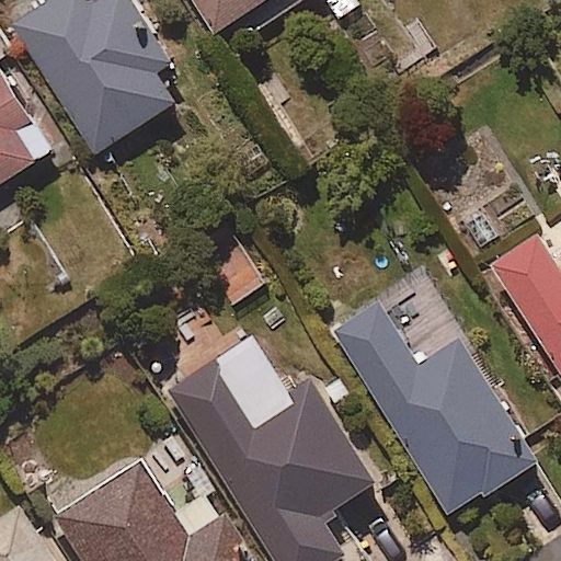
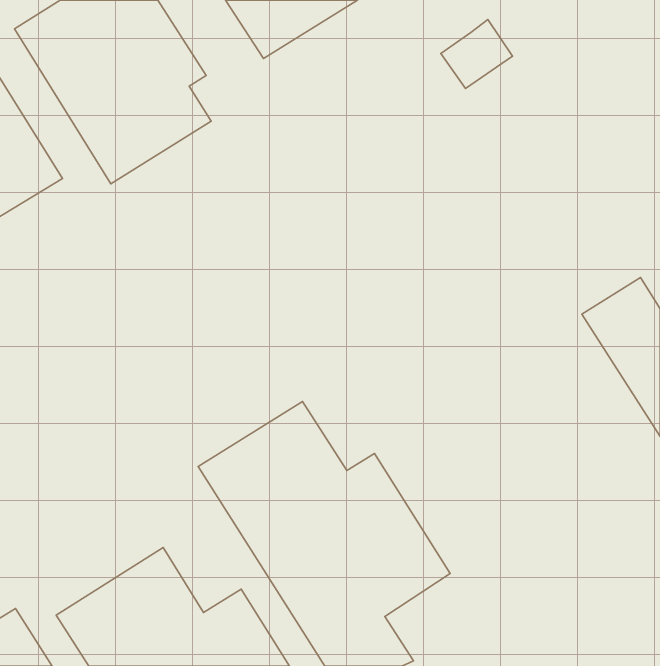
building: [333,301,538,517] -> none

